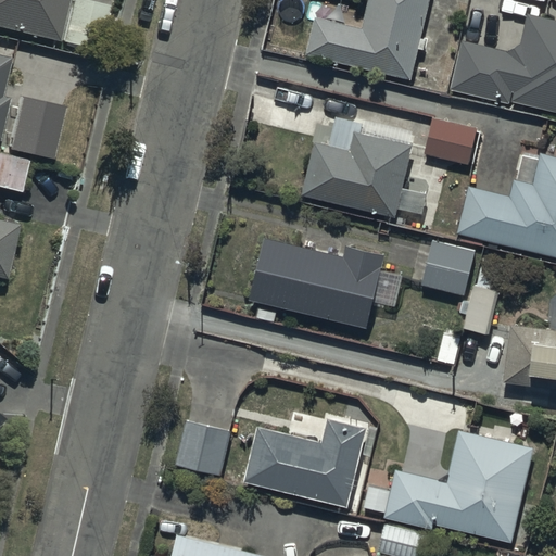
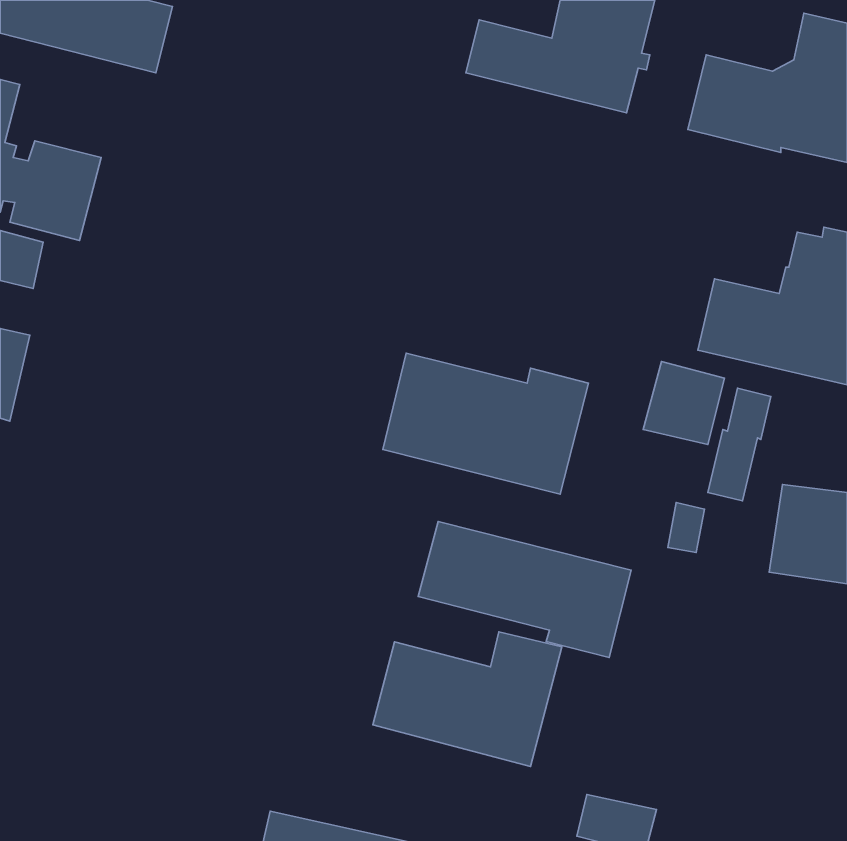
building: [426,117,477,164] -> none
building: [303,131,413,216] -> none
building: none -> [418,522,631,657]
building: [175,420,231,478] -> none
building: [365,431,533,543] -> none

